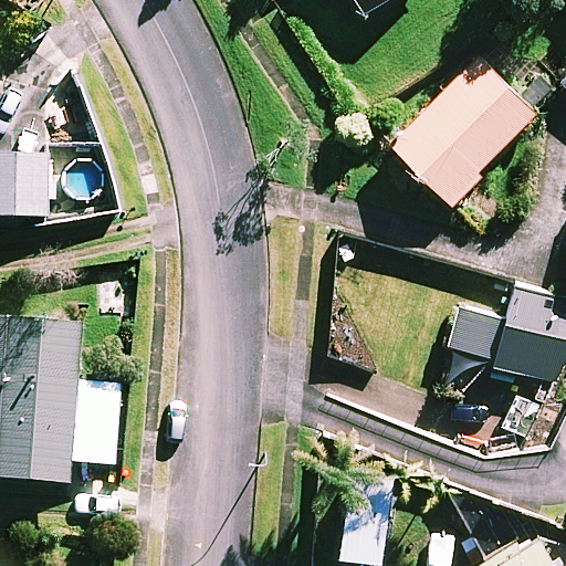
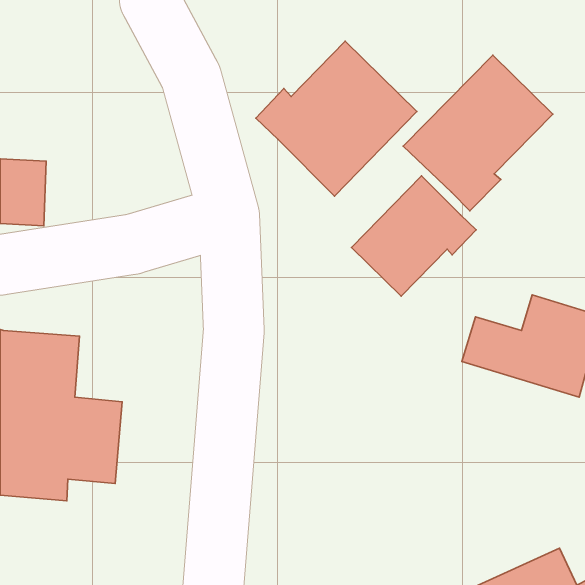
building: none -> [256,41,417,196]
building: none -> [352,176,476,296]

